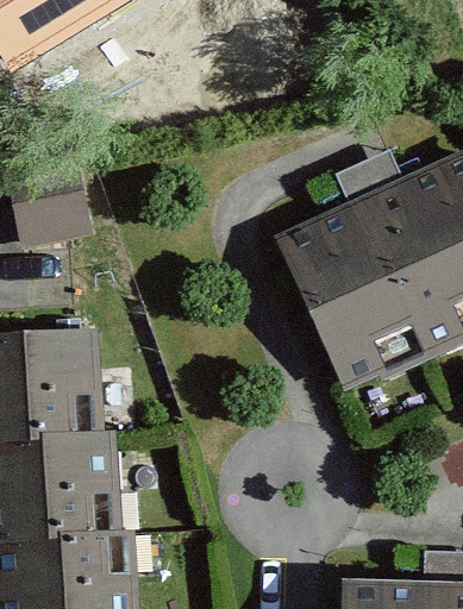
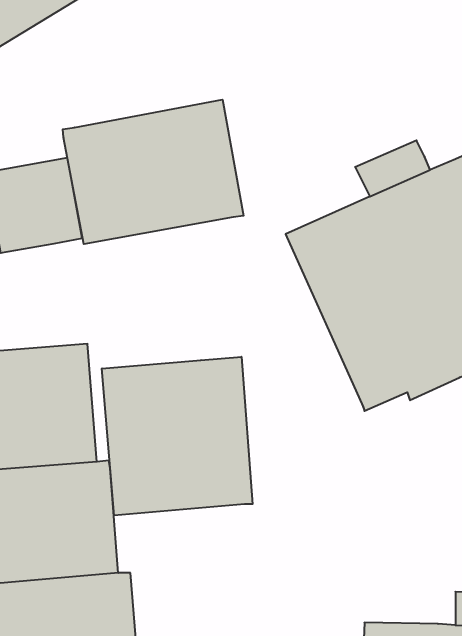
building: none -> [63,100,244,244]
building: none -> [102,357,253,515]

